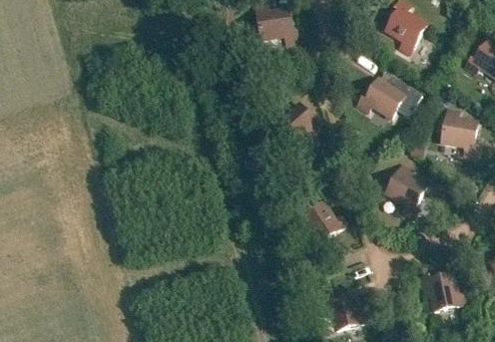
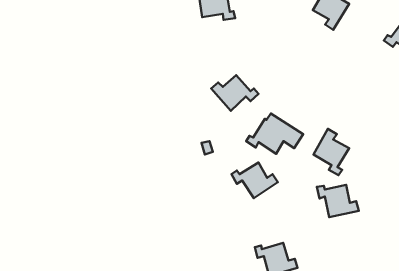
building: [357,72,421,117] -> [246,114,303,154]
building: [441,108,477,154] -> none
building: [419,274,466,310] -> [317,185,359,217]

